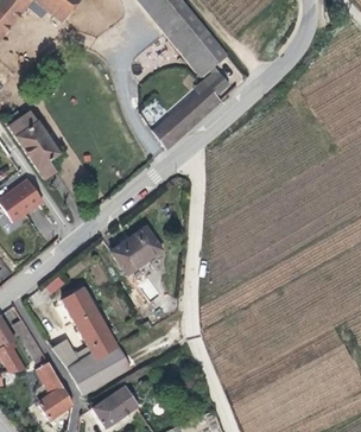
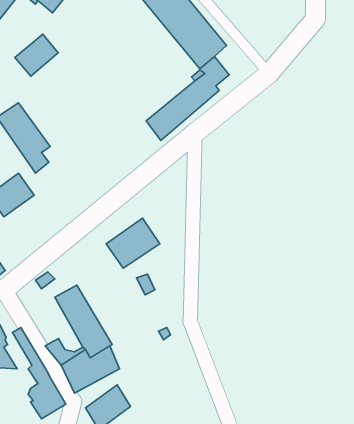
building: none -> [15,34,58,76]

